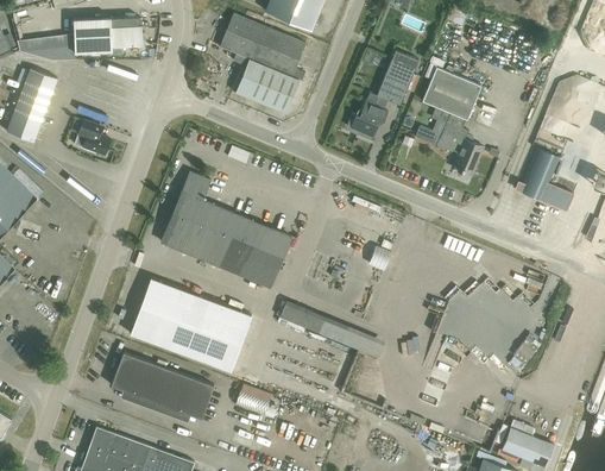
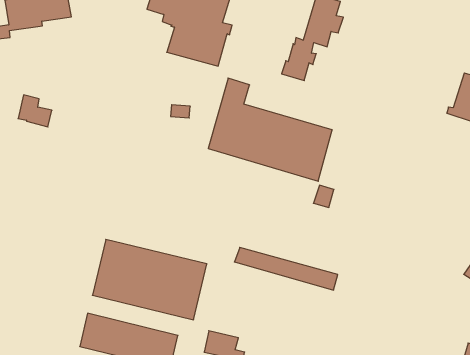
building: [415,68,483,175] -> none
building: [160,171,290,288] -> [208,78,332,181]

